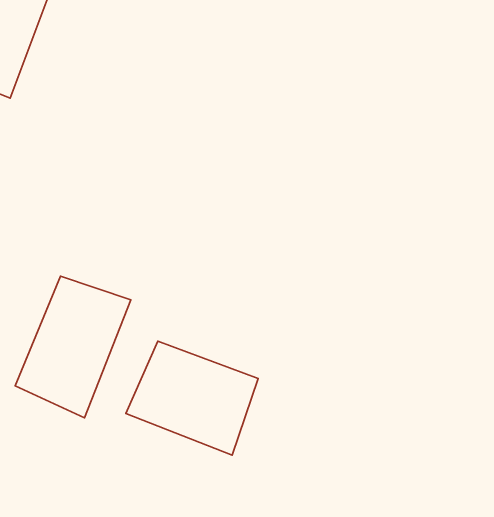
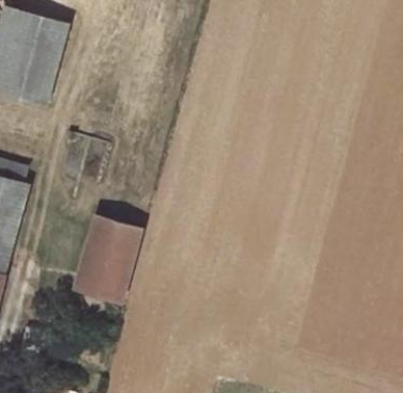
building: [126,341,258,455] -> none

